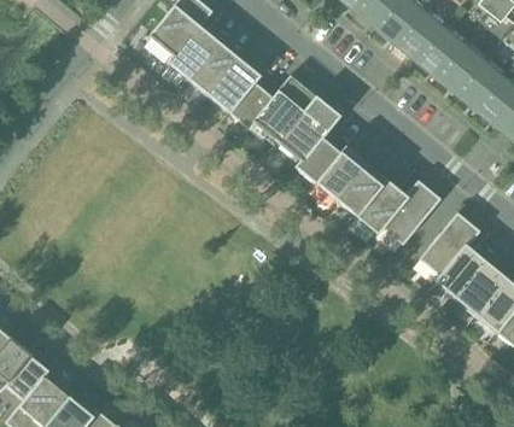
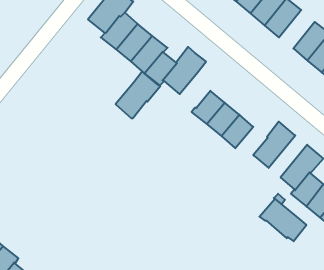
building: [419,24,469,78] -> none
building: [279,96,341,162] -> [116,72,160,118]
building: [357,188,403,236] -> none
building: none -> [259,199,306,241]

